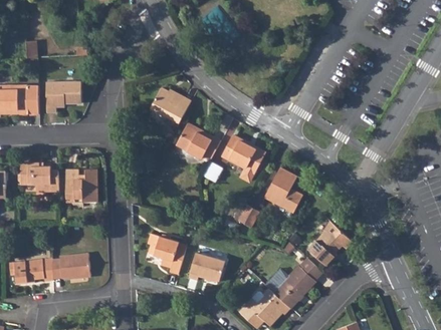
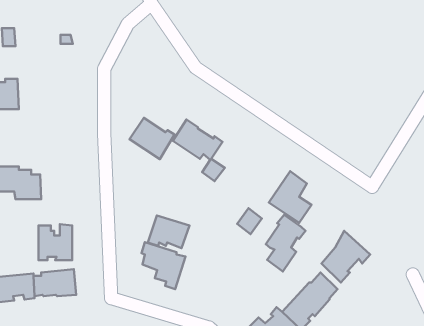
building: [45,81,80,112] -> none
building: [152,86,192,123] -> [129,118,174,159]
building: [224,130,269,179] -> none
building: [66,171,96,203] -> [38,224,72,260]
building: none -> [266,215,305,271]
building: [189,251,226,280] -> [148,215,190,248]

